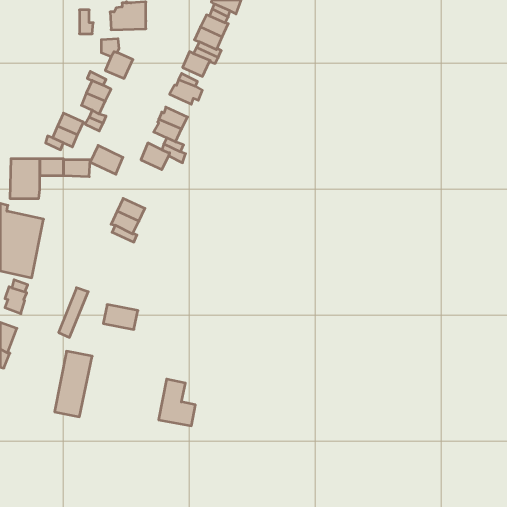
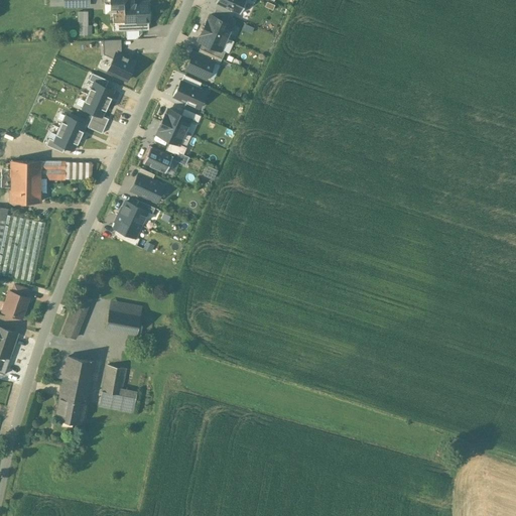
building: [90,145,123,174] -> [130,172,163,202]
building: [159,379,195,426] -> [99,365,136,412]

